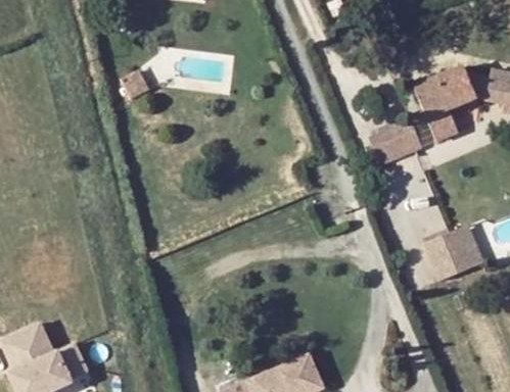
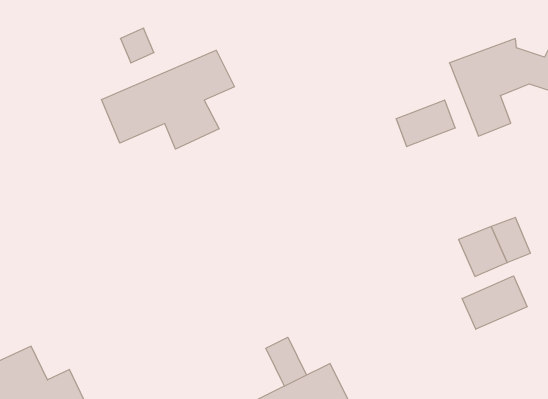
building: none -> [102,50,234,149]
building: none -> [462,276,527,329]
building: none -> [266,337,306,386]

